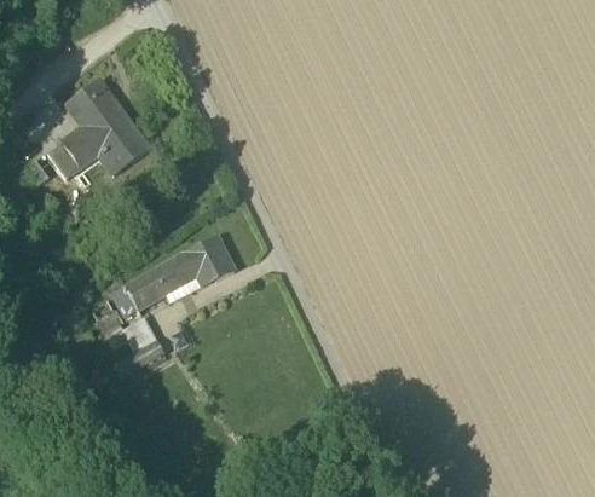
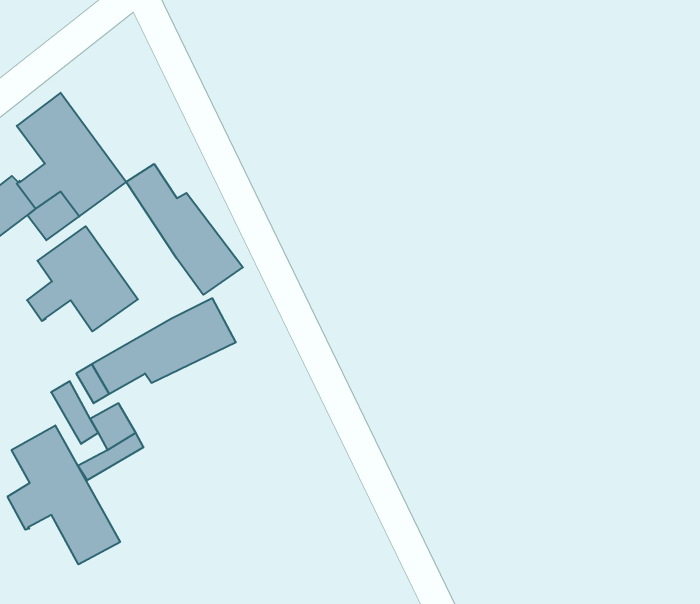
building: none -> [126,164,243,295]
building: none -> [27,226,138,331]
building: none -> [8,425,120,564]

